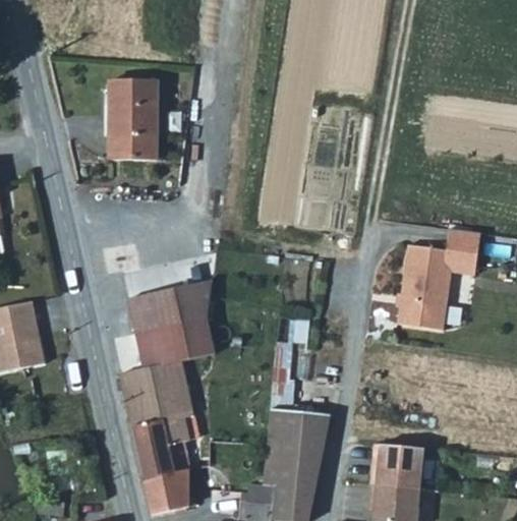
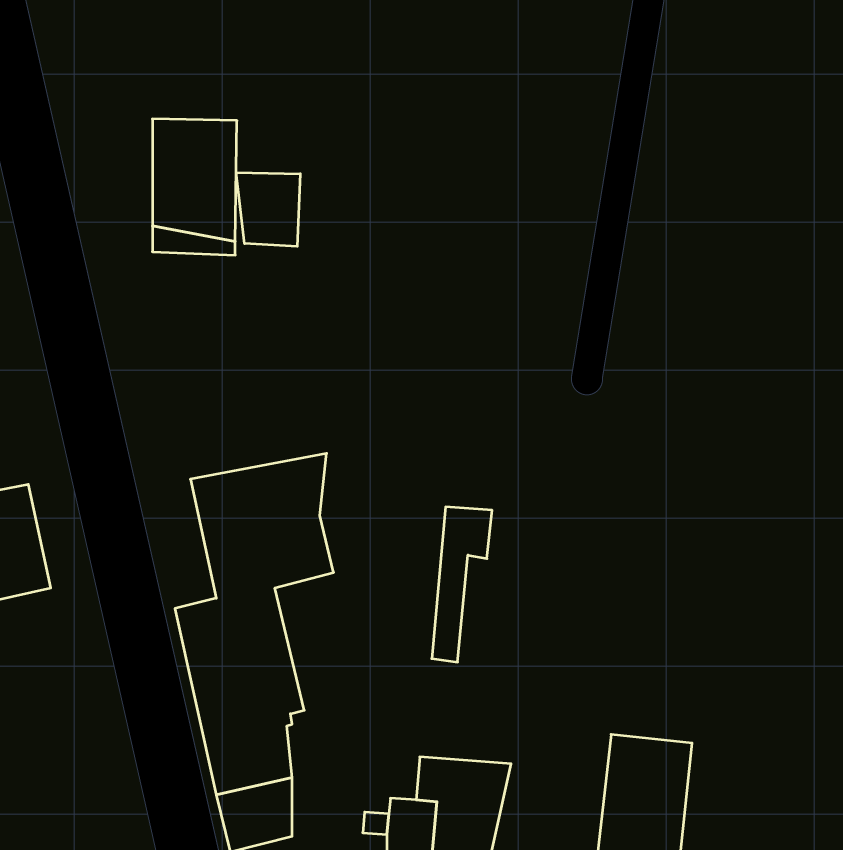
building: none -> [236,172,300,246]
building: [395,229,479,331] -> none
building: [266,409,329,464] -> none

